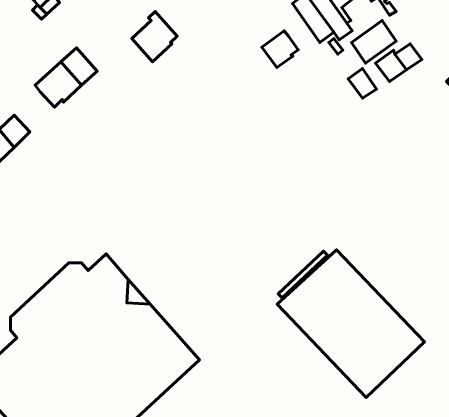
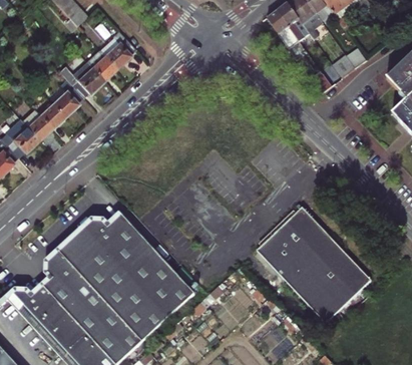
building: [132,11,177,62] -> [100,31,135,70]
building: [351,21,396,63] -> none
building: [262,31,298,68] -> none
building: none -> [52,86,83,117]

